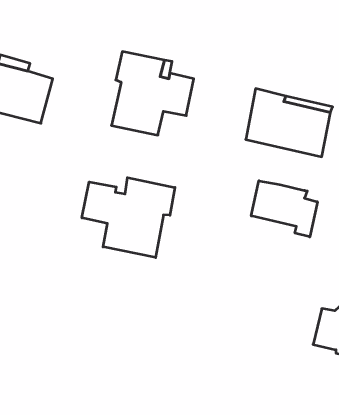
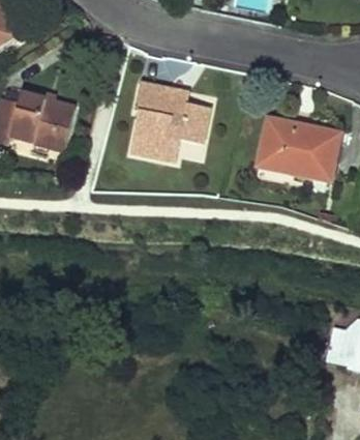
building: [82,178,175,258] -> none
building: [251,181,317,237] -> none

